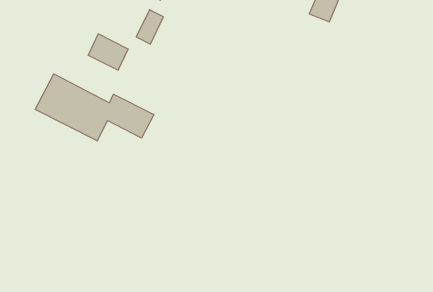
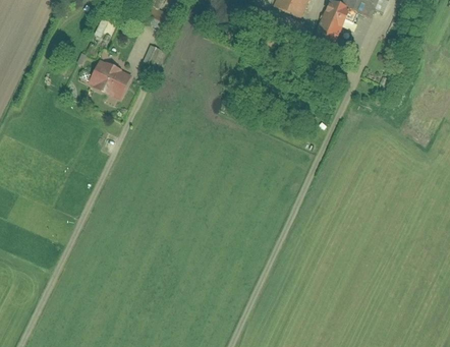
building: [35,74,154,141] -> none

